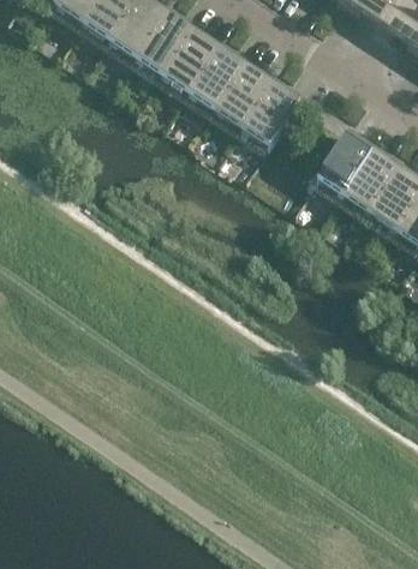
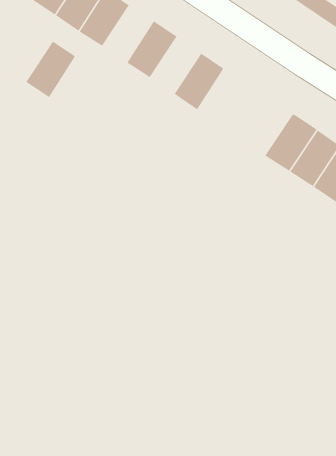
building: [136,12,193,76] -> [26,41,77,98]
building: [189,47,246,110] -> none
building: [241,82,299,146] -> none

